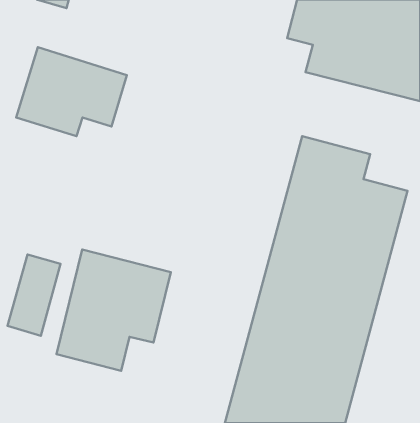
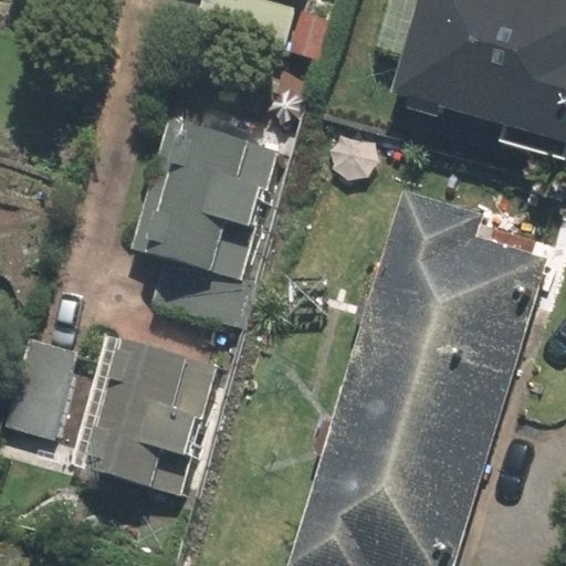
building: [16,47,127,136] -> none
building: none -> [133,115,295,287]

